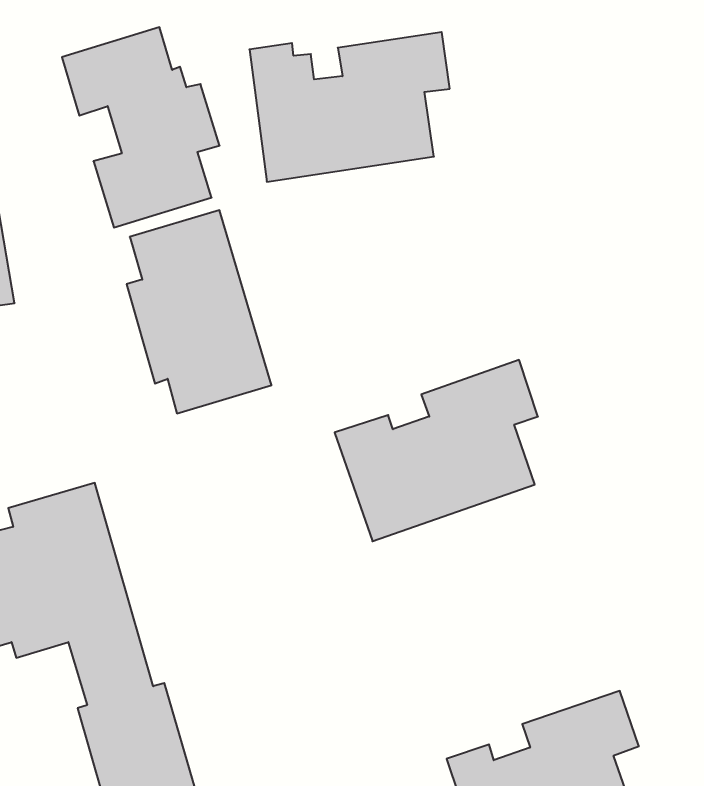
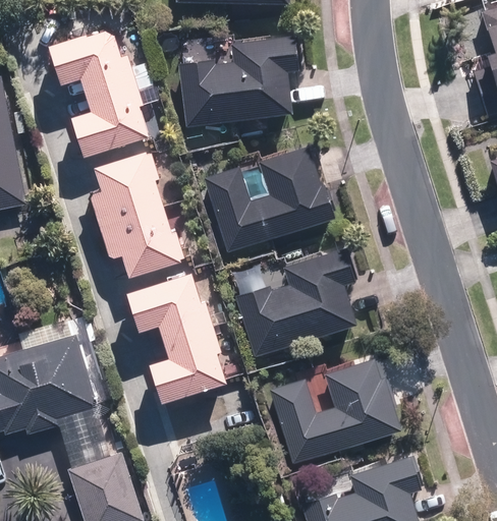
building: none -> [196,146,339,252]
building: none -> [129,272,230,401]
building: none -> [266,358,394,459]

